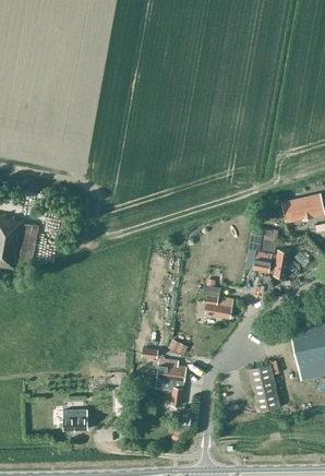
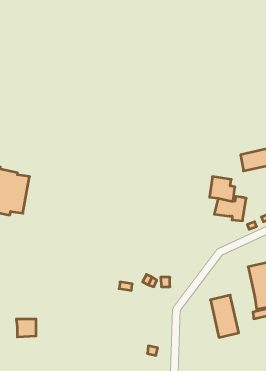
building: [205,287,232,319] -> none
building: [153,359,186,407] -> none
building: [63,410,86,431] -> [16,319,36,337]

